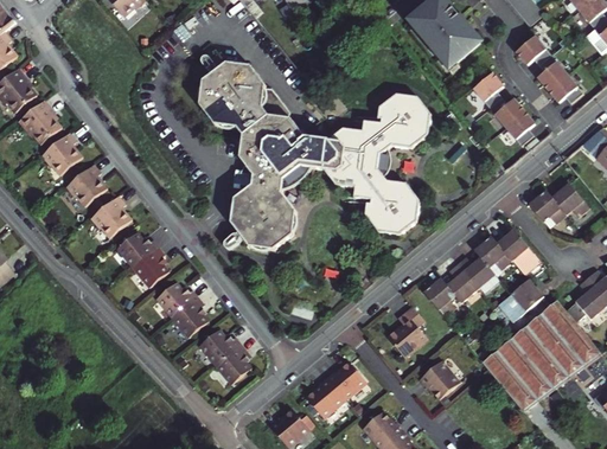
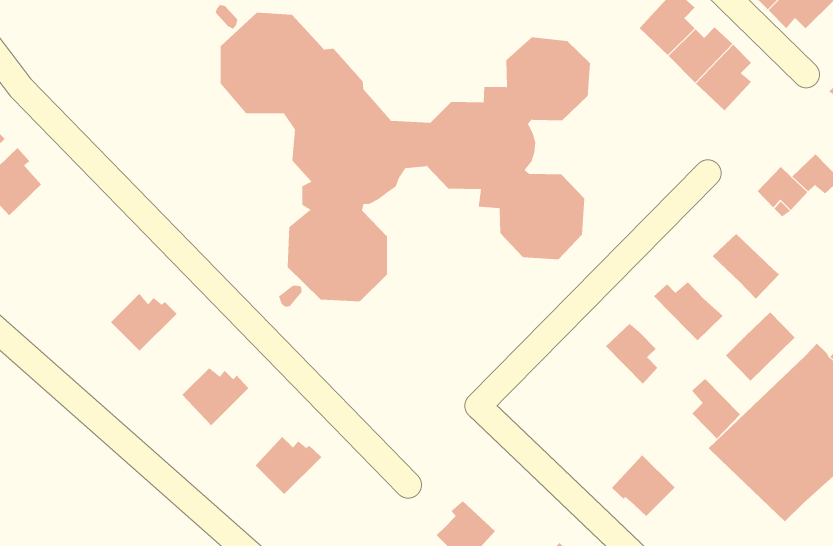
building: [65,163,107,205] -> none
building: [90,194,132,237] -> none
building: [474,235,512,269] -> none
building: [133,245,168,286] -> none
building: [447,263,478,302] -> [691,378,741,440]
building: [173,296,209,336] -> none
building: [390,307,429,358] -> none
building: [215,344,250,384] -> none
building: [326,363,366,400] -> none

